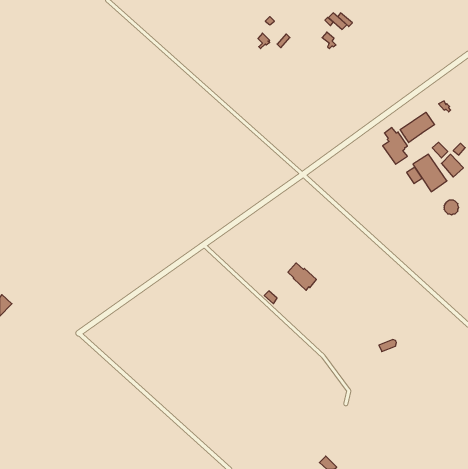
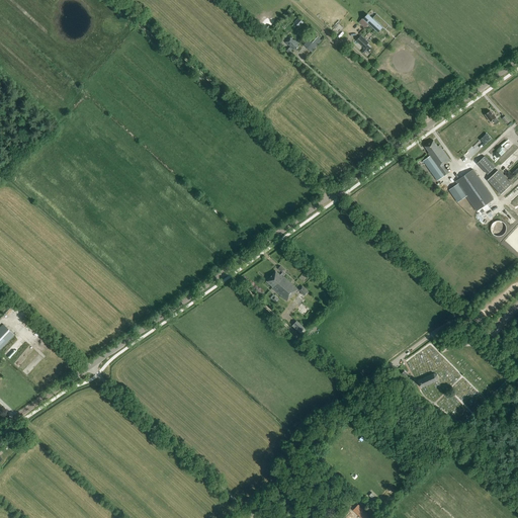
building: [400,112,435,143] -> none
building: [288,263,316,290] -> [265,271,296,301]

